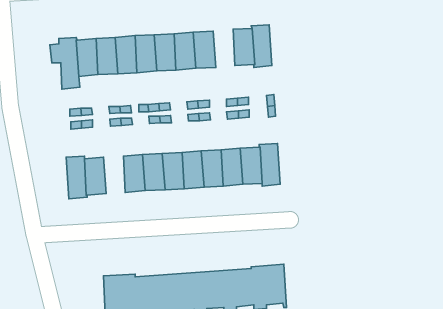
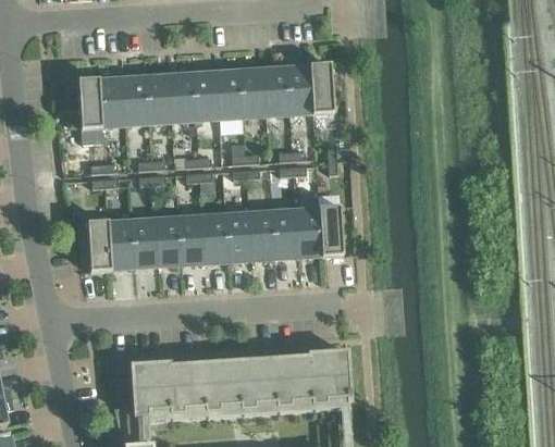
building: none -> [263,67,289,113]
building: none -> [132,220,158,264]

